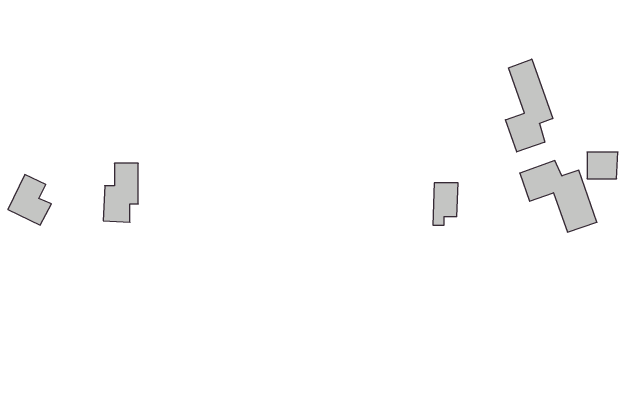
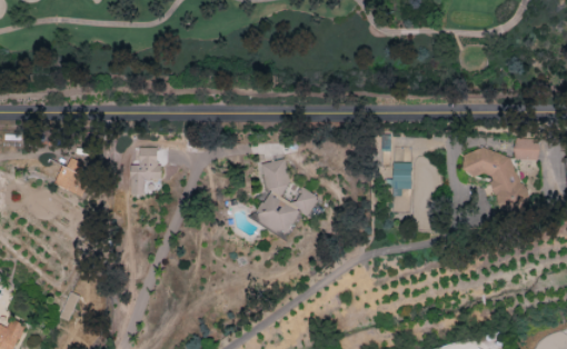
building: [505,59,553,152] -> none
building: none -> [253,159,317,232]

